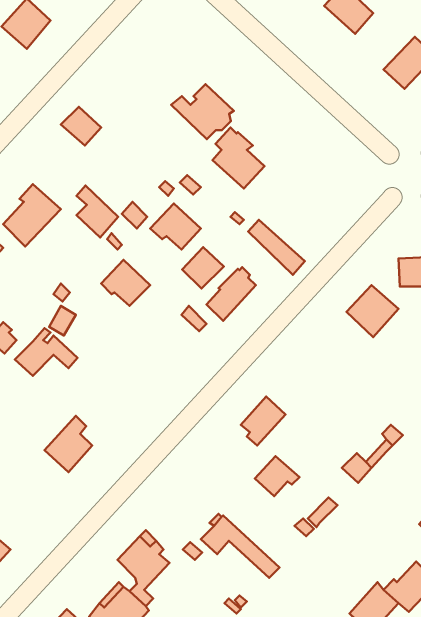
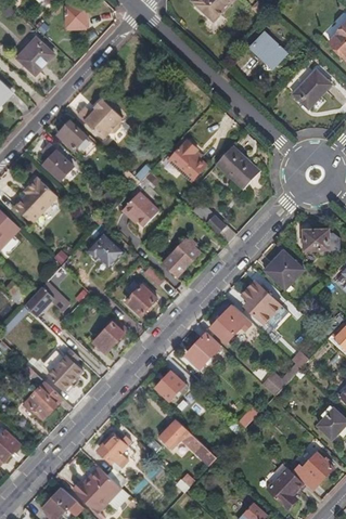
building: [171,84,234,139] -> [77,98,123,138]
building: none -> [216,146,259,187]
building: [76,186,118,238] -> [41,142,72,180]
building: [182,247,224,289] -> [127,284,157,314]
building: none -> [242,281,281,323]
building: none -> [213,304,253,340]
building: none -> [94,320,128,352]
building: none -> [18,361,64,418]
building: [255,456,299,496] -> [155,371,188,400]

